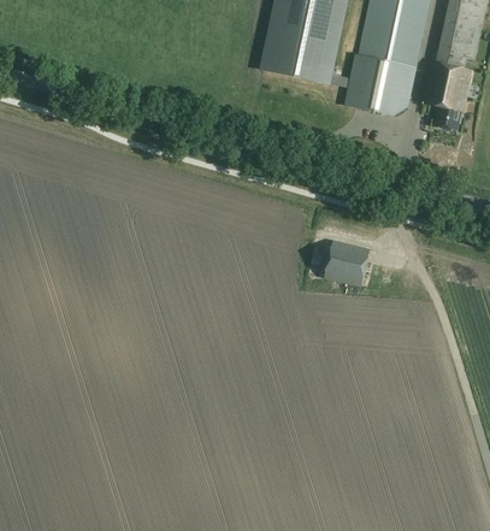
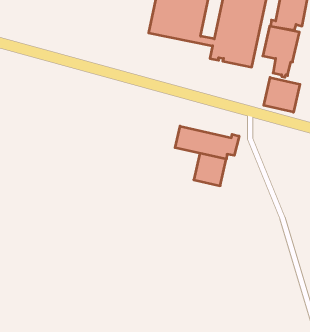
building: none -> [264,77,300,112]
building: none -> [175,126,239,159]

